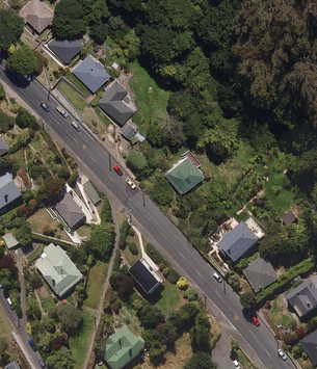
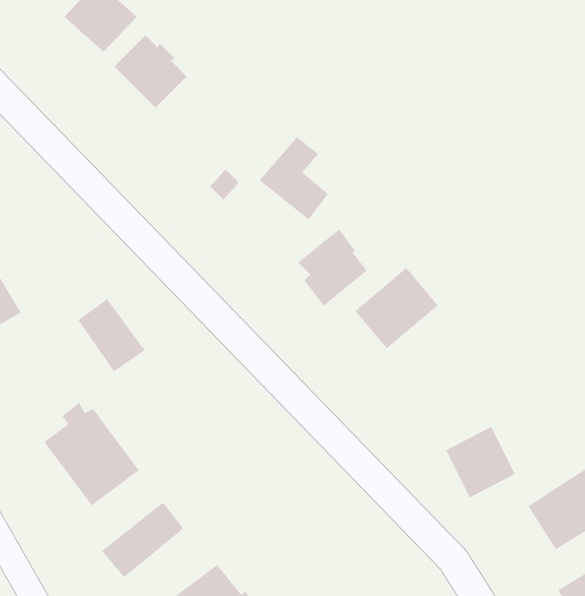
building: [96,79,132,123] -> [259,136,329,220]
building: [217,222,261,265] -> [354,267,438,349]
building: [128,260,164,297] -> none
building: none -> [101,502,184,578]

